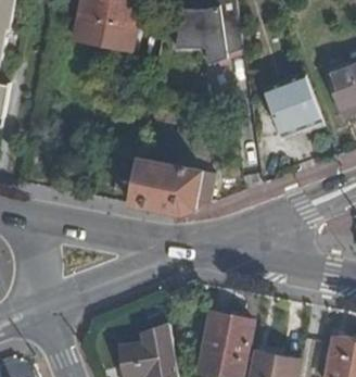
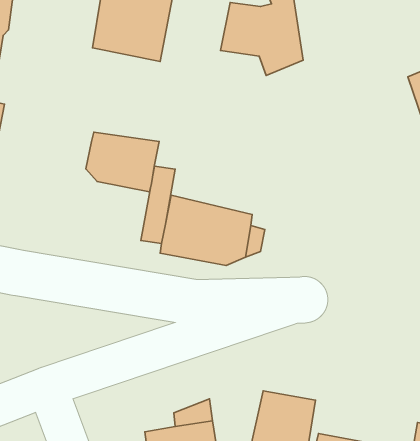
building: [266,75,322,135] -> none
building: none -> [86,132,159,192]

